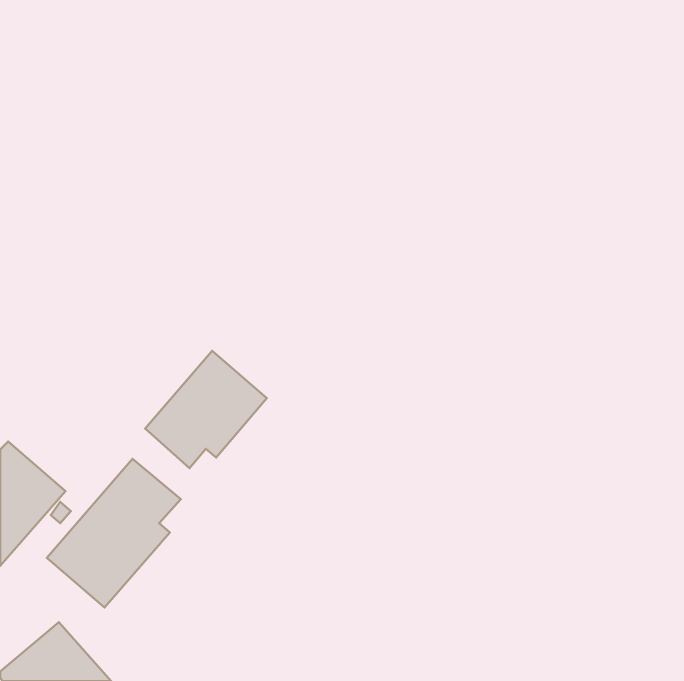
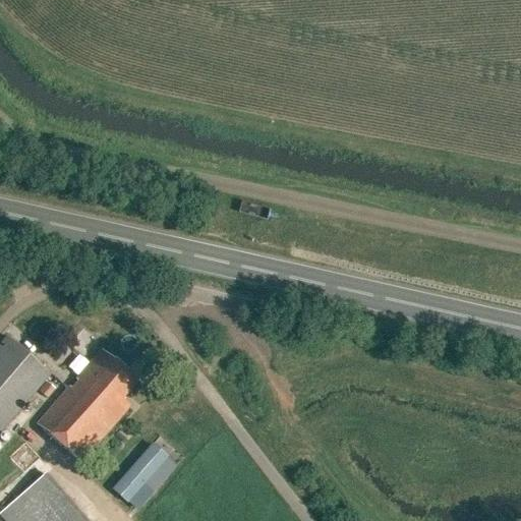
building: [145,351,267,468] -> none
building: none -> [111,444,167,504]

